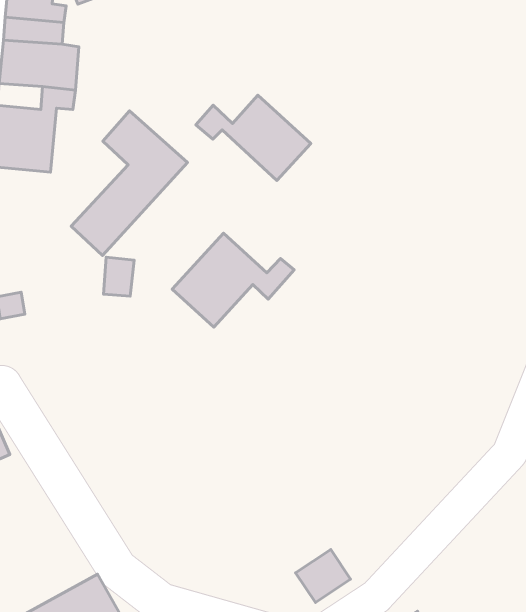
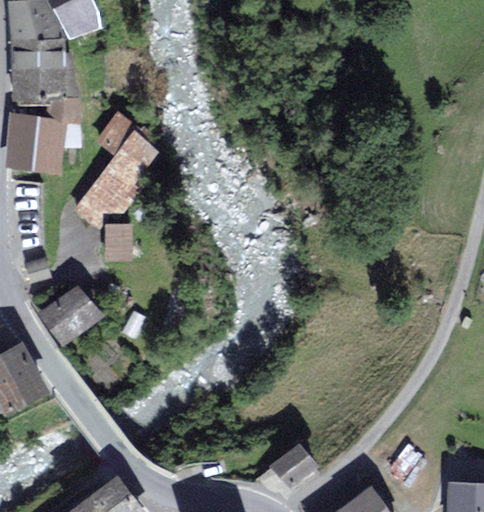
building: [196,95,311,180] -> none
building: [172,233,294,327] -> none
building: none -> [42,293,99,349]

